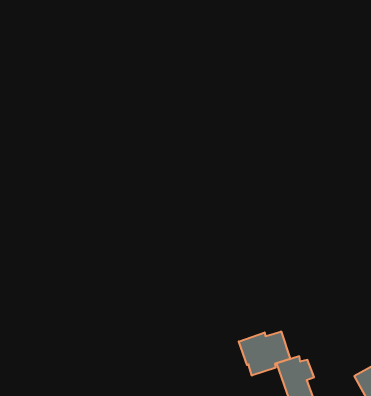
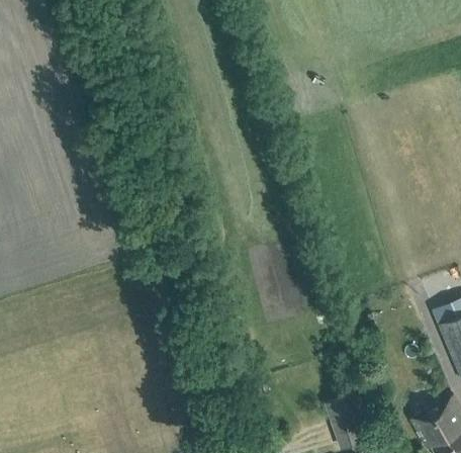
building: [239,331,290,376] -> none

